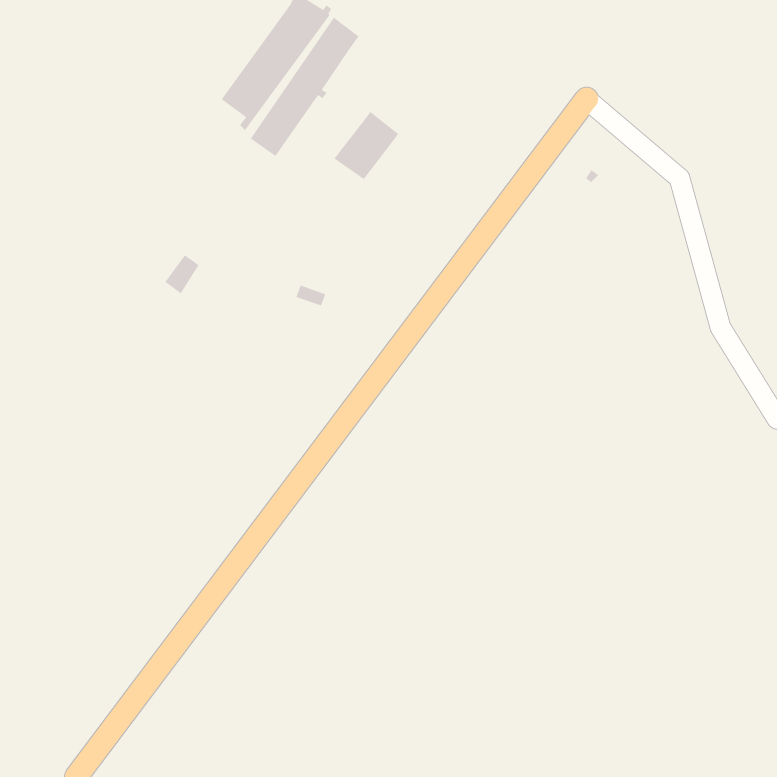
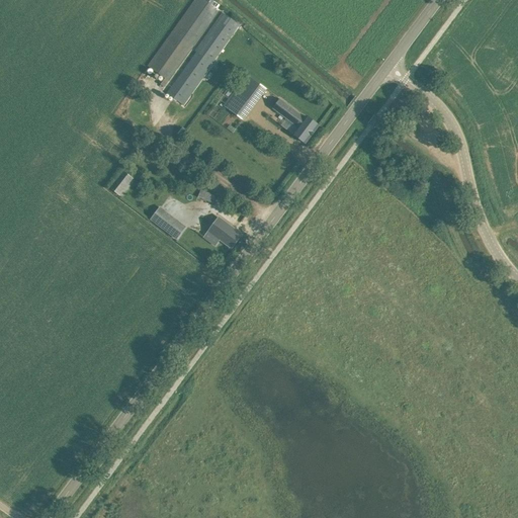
building: none -> [271,98,318,143]
building: none -> [150,207,185,239]
building: none -> [203,217,241,247]

